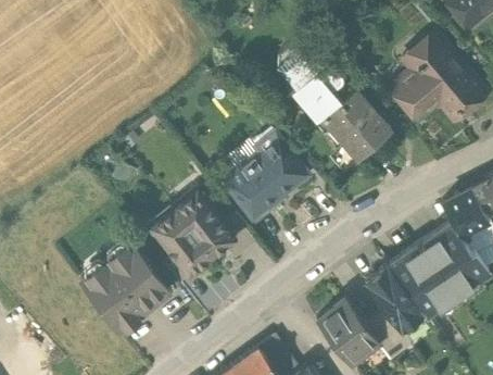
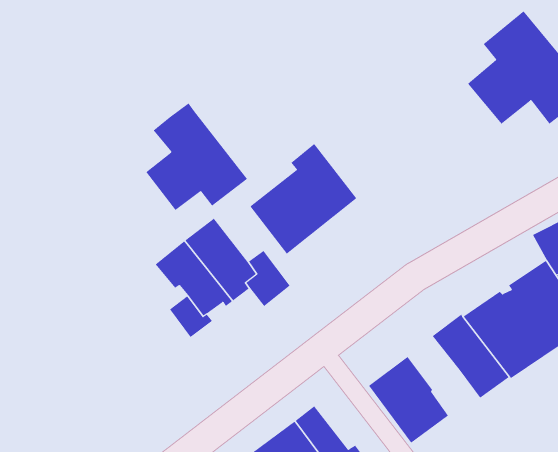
building: [277,48,391,160] -> none
building: none -> [145,103,248,211]
building: [81,242,168,329] -> none
building: [364,310,410,362] -> none

